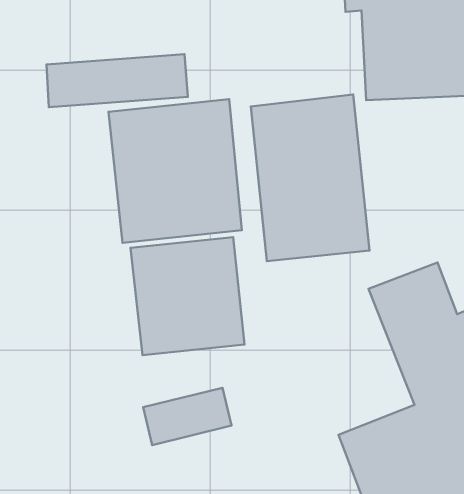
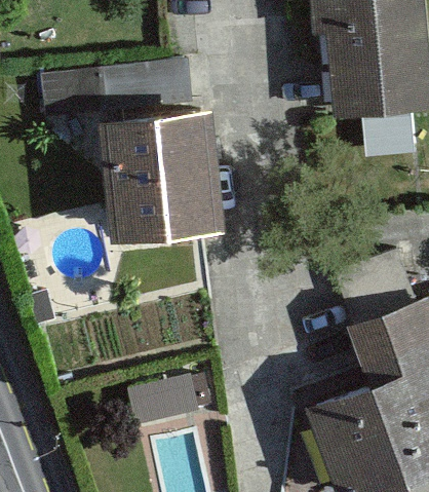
building: [251,94,370,261] -> none
building: [130,237,245,355] -> none

